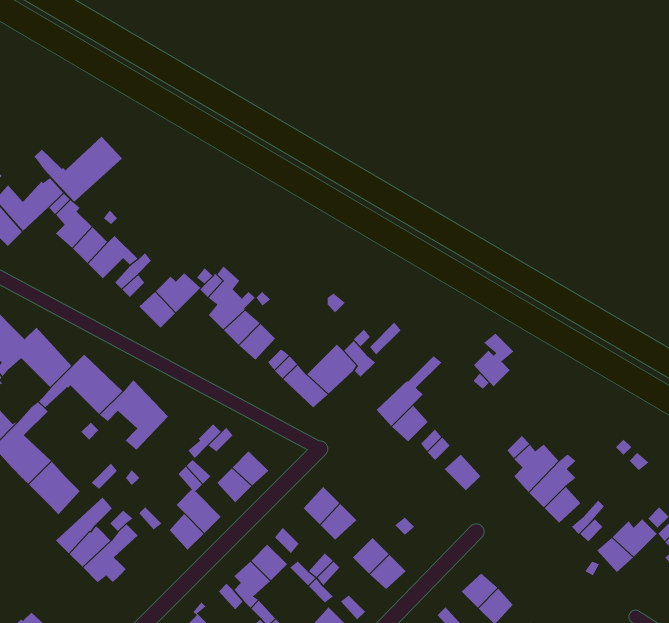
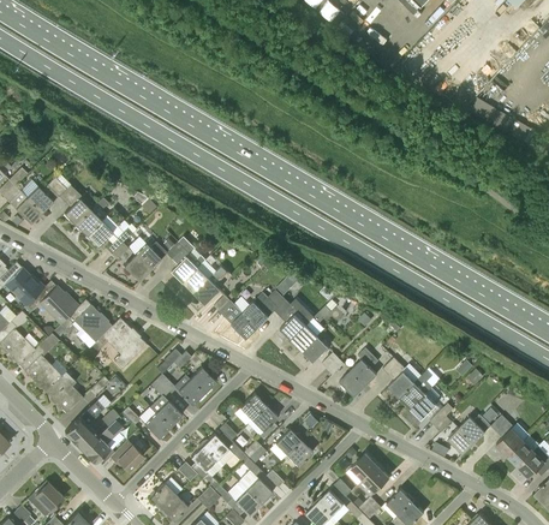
building: [33,136,123,203] -> none
building: [473,333,514,387] -> [352,347,381,386]
building: none -> [281,305,315,339]
building: none -> [111,440,144,470]

